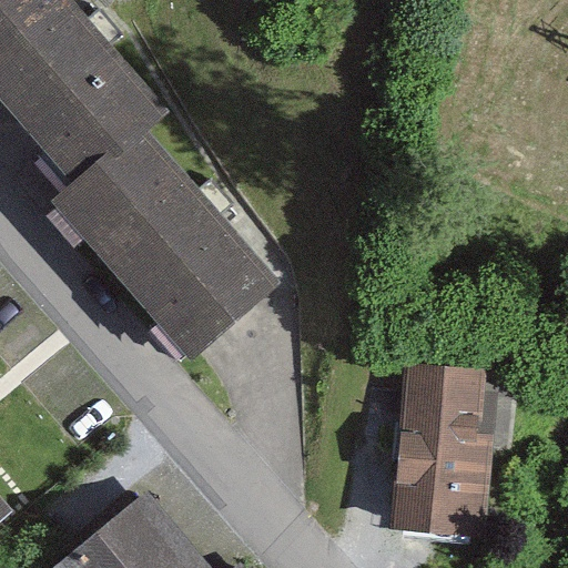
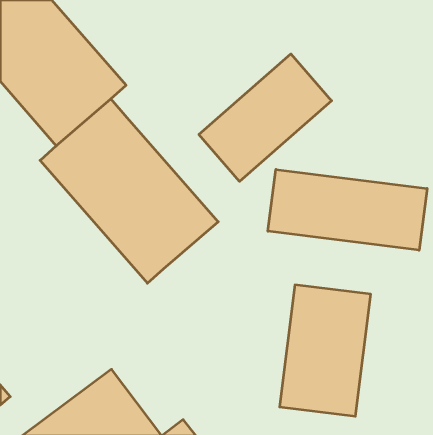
building: none -> [199,54,332,181]
building: none -> [268,169,427,250]

